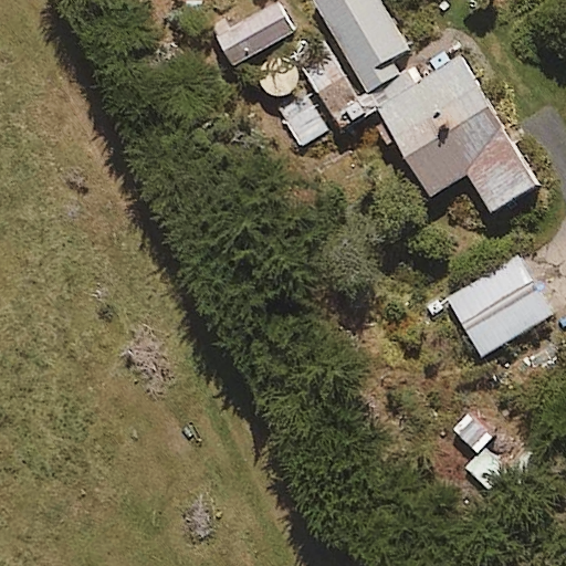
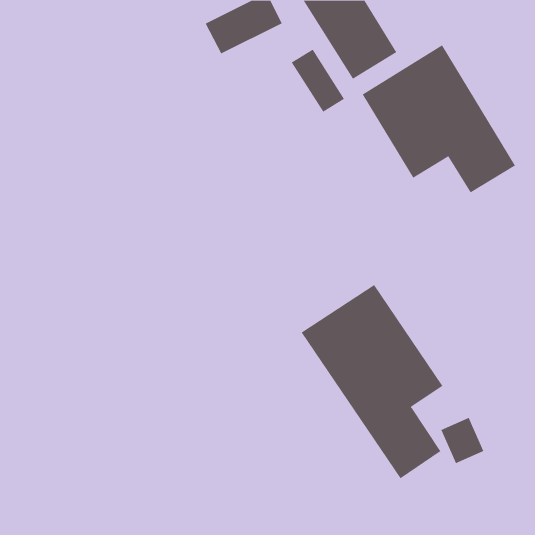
building: [444,256,552,358] -> none
building: none -> [301,284,443,479]

